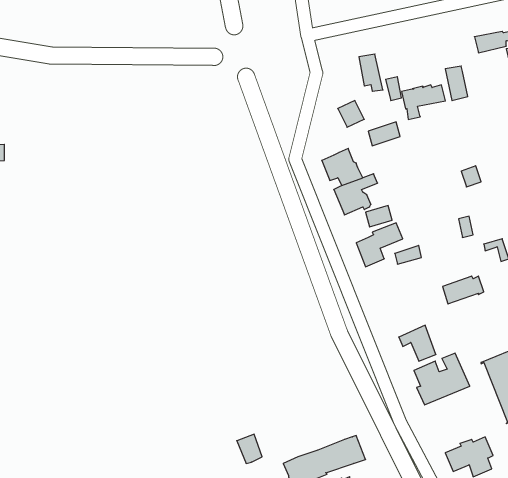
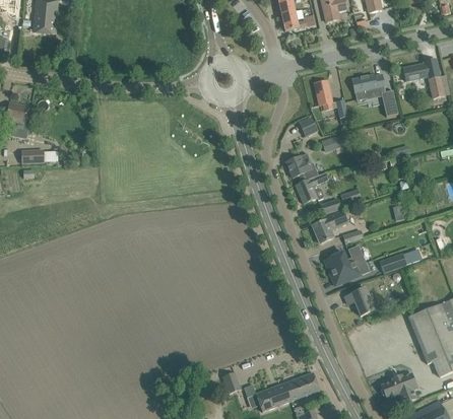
building: [402,85,445,119] -> [351,74,385,100]
building: [414,353,470,405] -> [327,246,370,285]

